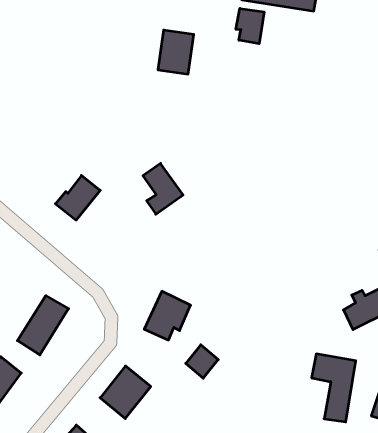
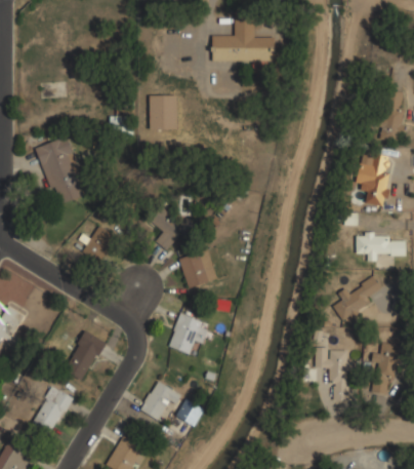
building: [236,8,264,44] -> none
building: none -> [36,138,86,205]
building: none -> [179,250,216,288]
building: [186,345,218,378] -> [175,399,202,427]

